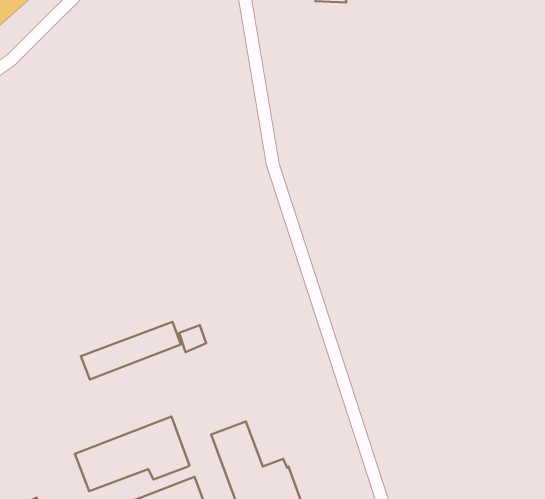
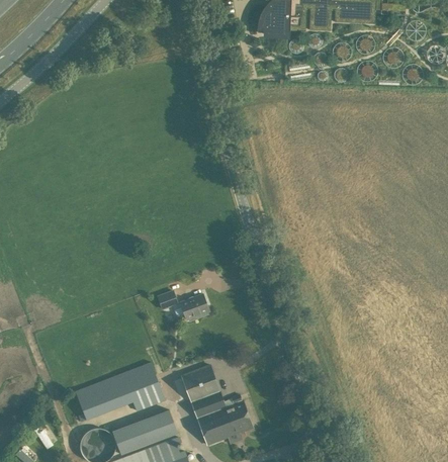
building: [81,322,181,379] -> none
building: none -> [180,294,209,319]

